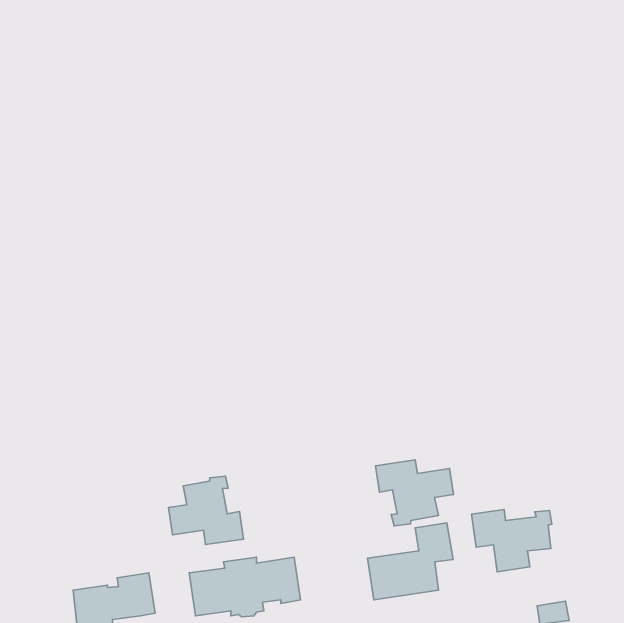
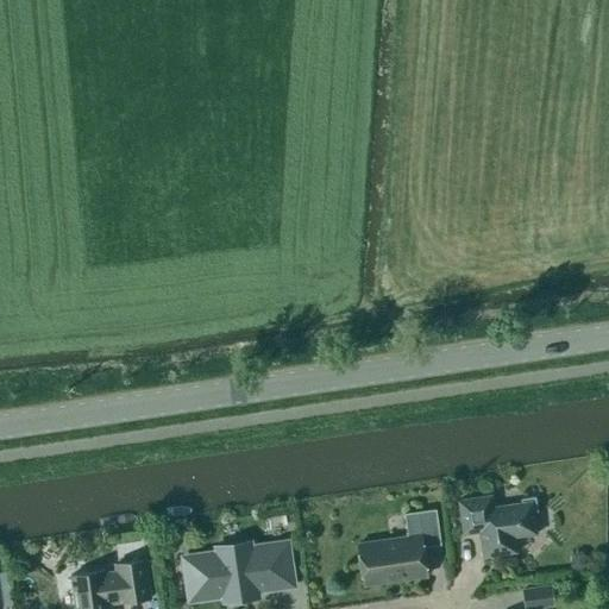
building: [376,460,454,526] -> none
building: [169,476,244,544] -> none

